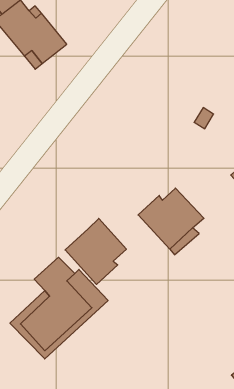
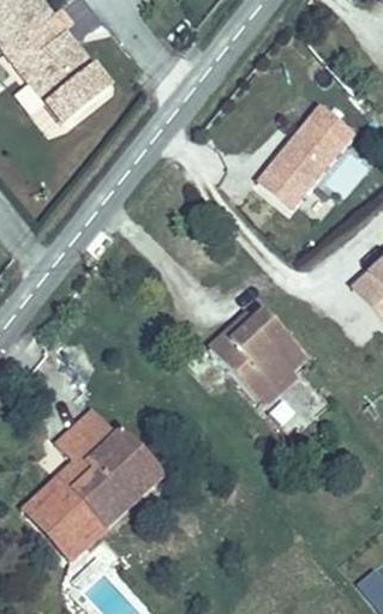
building: none -> [255,100,349,204]
building: [65,218,126,284] -> none

